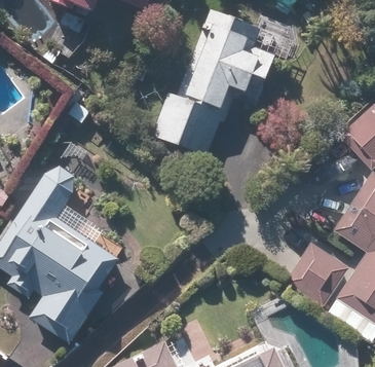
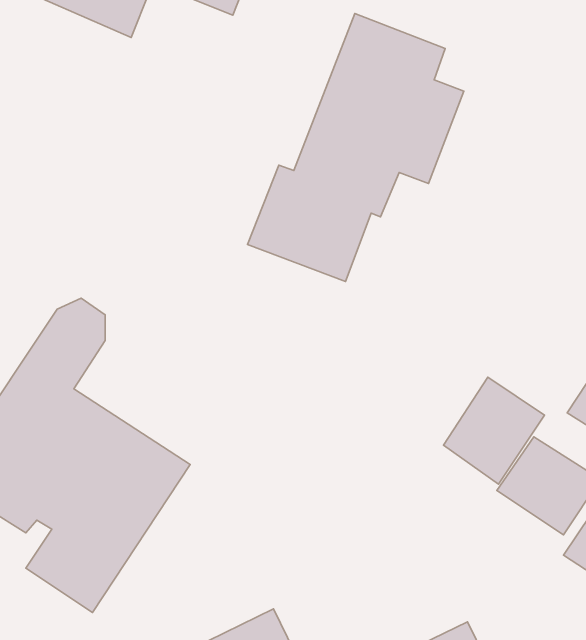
building: none -> [444,377,545,484]

